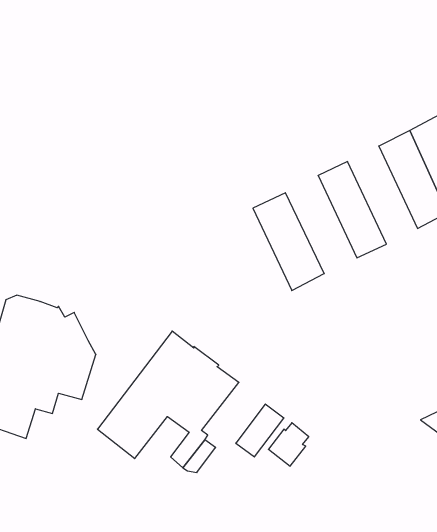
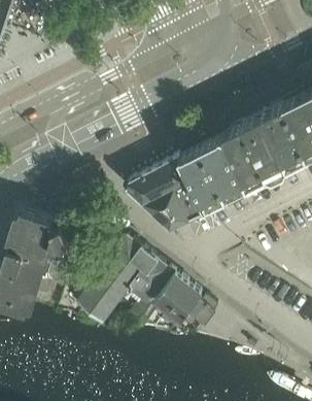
building: none -> [244,118,290,182]
building: none -> [203,137,250,202]
building: none -> [128,159,209,235]
building: none -> [157,277,189,314]

